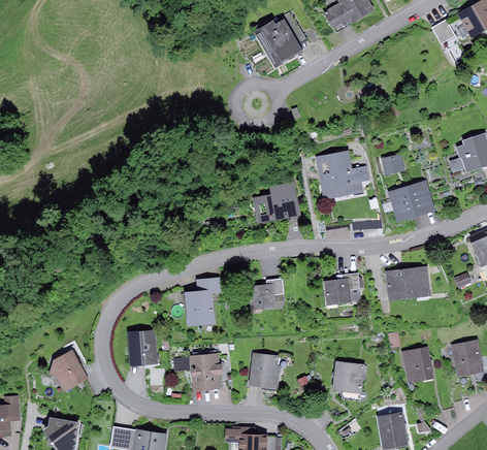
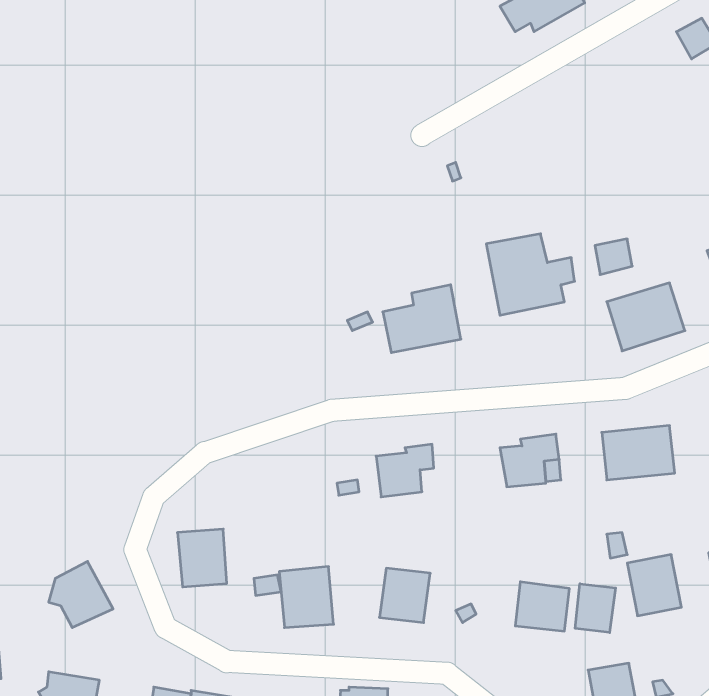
building: [253,18,301,66] -> none
building: [184,277,221,325] -> none
building: none -> [575,584,616,633]

